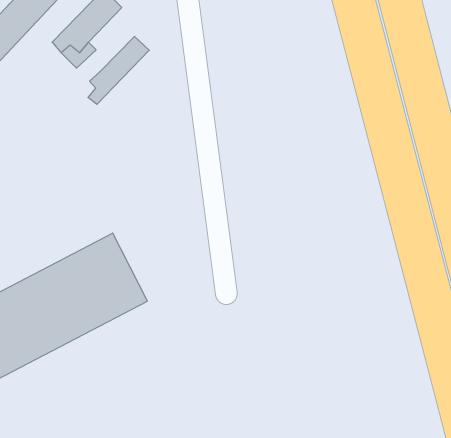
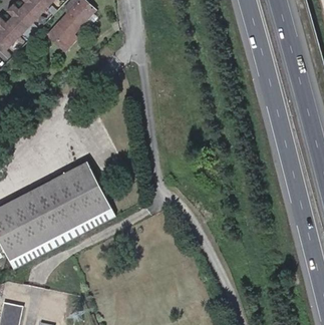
building: [88,36,149,104] -> none

